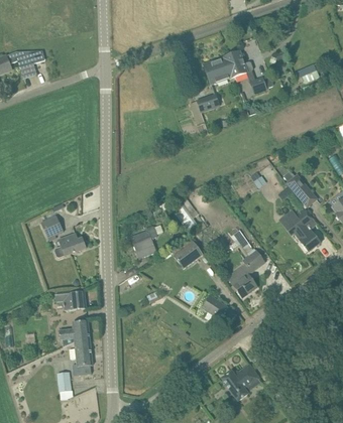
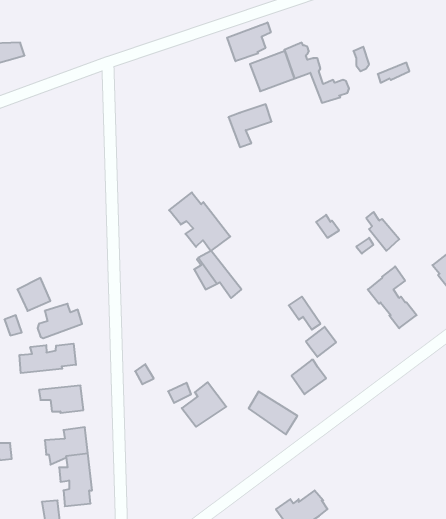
building: none -> [227,22,271,61]
building: none -> [169,192,230,251]
building: [130,226,156,258] -> none
building: [172,237,203,268] -> [182,382,226,427]
building: none -> [19,344,76,373]

